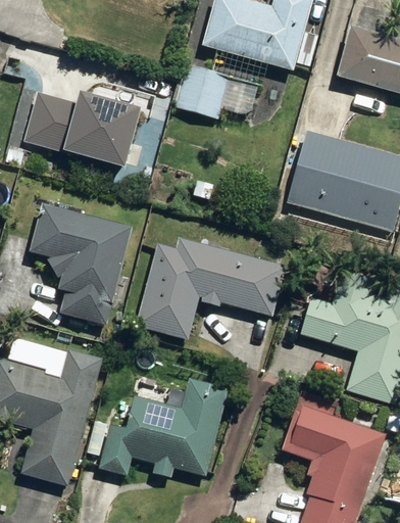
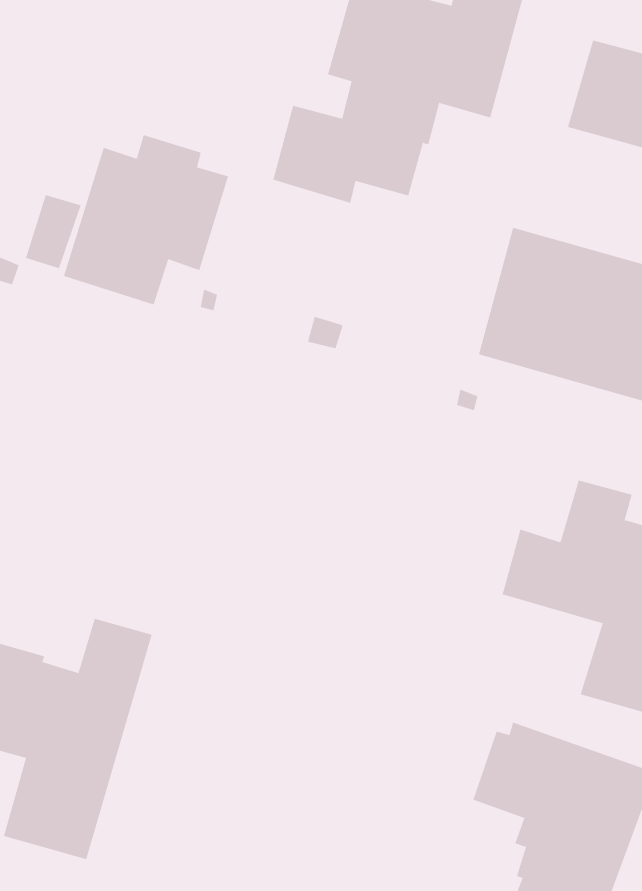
building: [30,203,132,325] -> none
building: [133,236,284,339] -> none
building: [97,378,227,477] -> none

